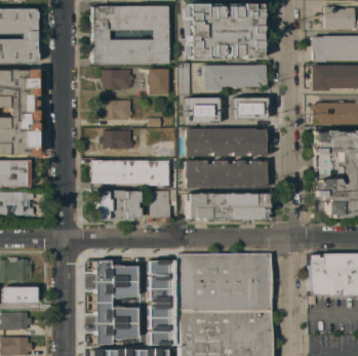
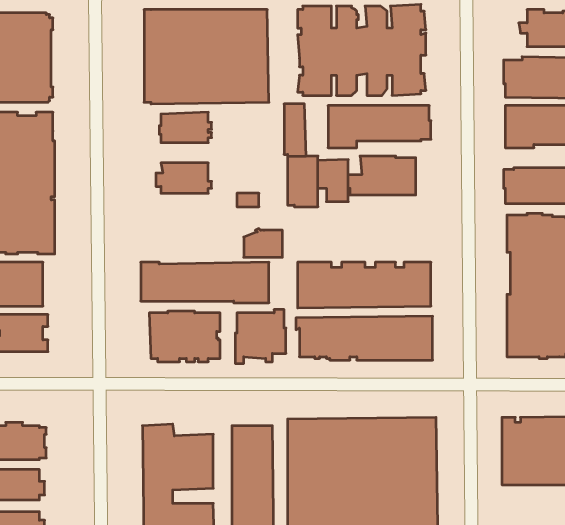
building: [148,69,169,94] -> none
building: [186,128,268,156] -> none
building: [101,130,135,149] -> none

